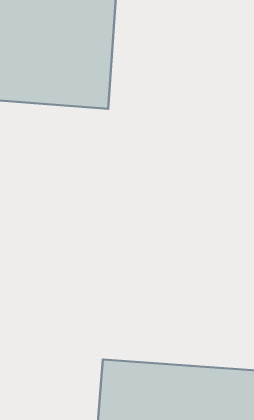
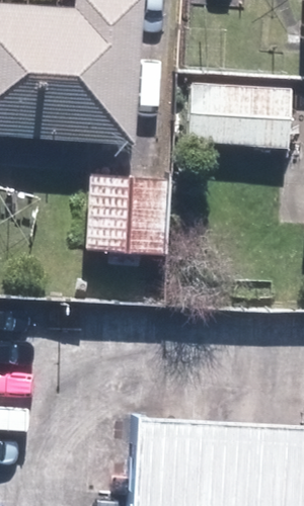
building: none -> [187,77,296,147]
building: none -> [85,176,175,254]

